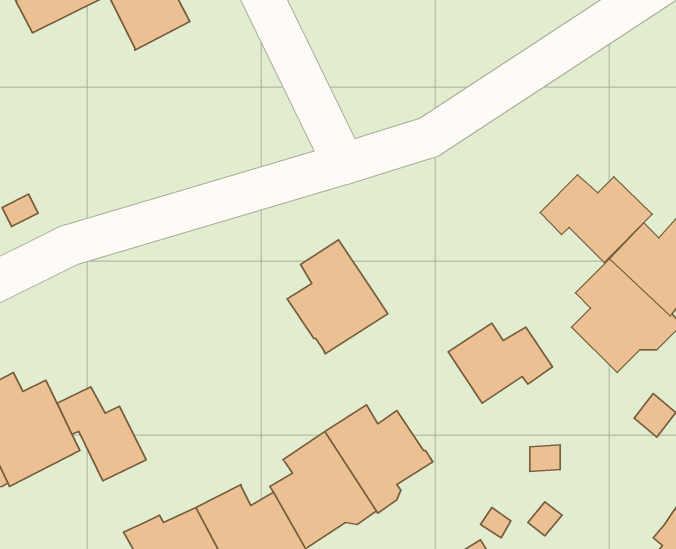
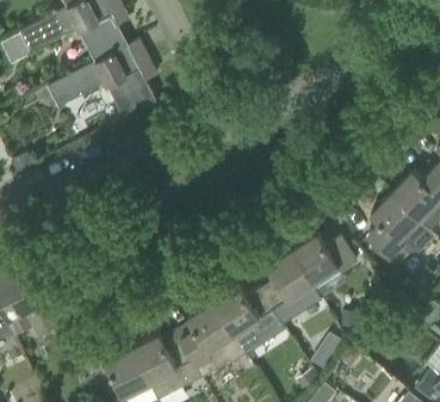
building: none -> [47,39,157,117]
building: [540,175,652,262] -> none
building: [287,240,388,354] -> [259,252,322,323]
building: [57,387,146,481] -> none

